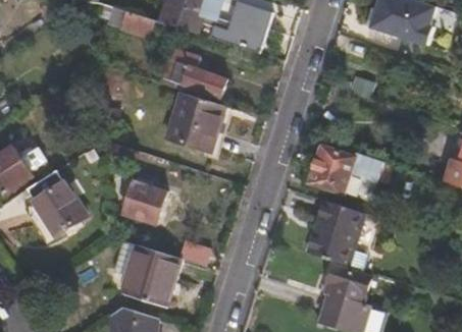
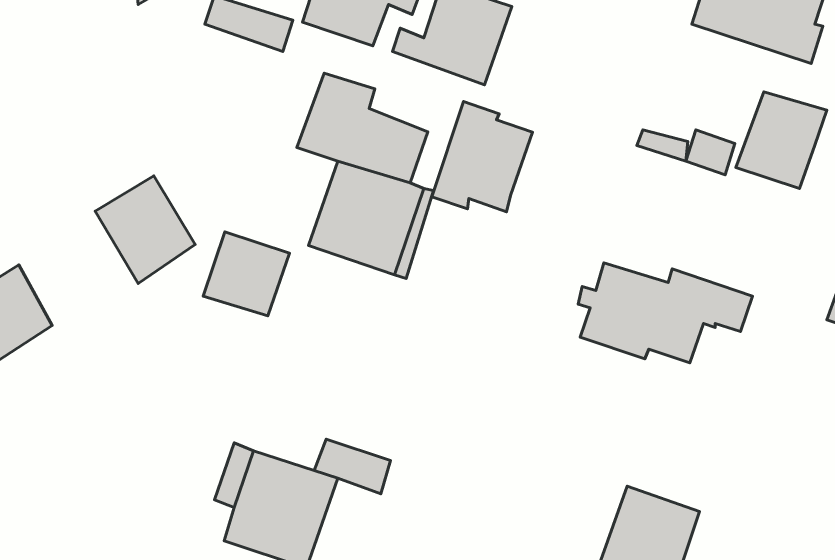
building: none -> [736,92,827,188]
building: none -> [432,102,532,212]
building: [116,177,161,221] -> [203,232,289,316]
building: [37,181,89,237] -> [95,176,195,284]
building: [307,198,382,270] -> none

